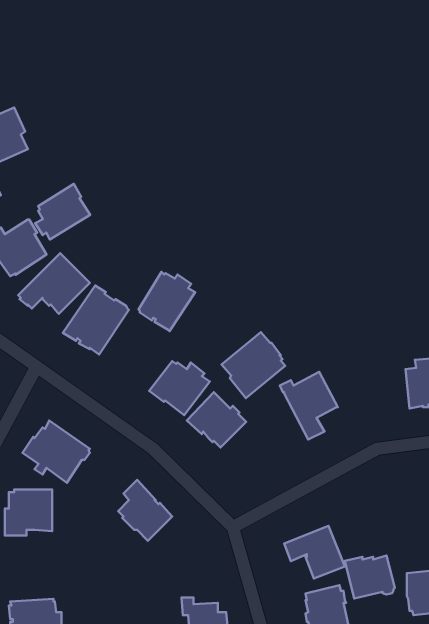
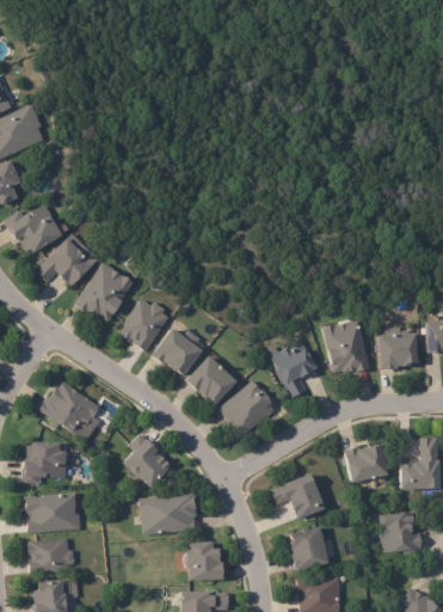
building: [35,184,90,240] -> none
building: [138,272,195,331] -> [119,299,170,351]
building: [222,332,285,398] -> [219,380,275,439]
building: none -> [325,320,370,373]
building: none -> [25,494,81,534]
building: none -> [140,494,196,537]
building: [345,555,395,599] -> [345,446,389,484]

